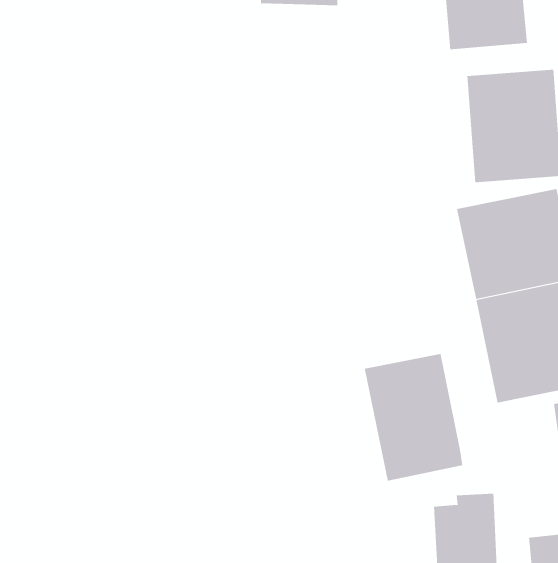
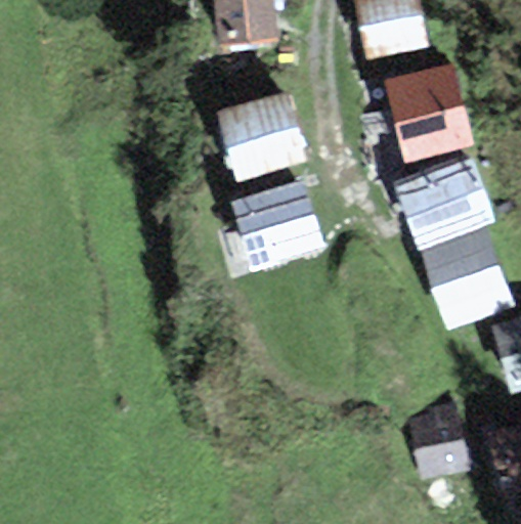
building: none -> [218,94,307,183]
building: none -> [236,185,321,268]
building: [364,353,463,481] -> none

